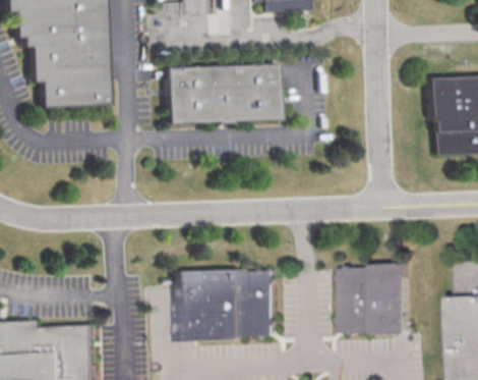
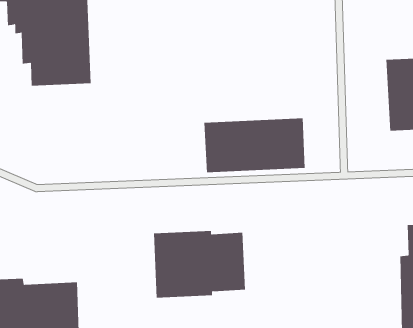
building: [169,64,282,125] -> [203,118,305,173]
building: [342,263,414,335] -> none

